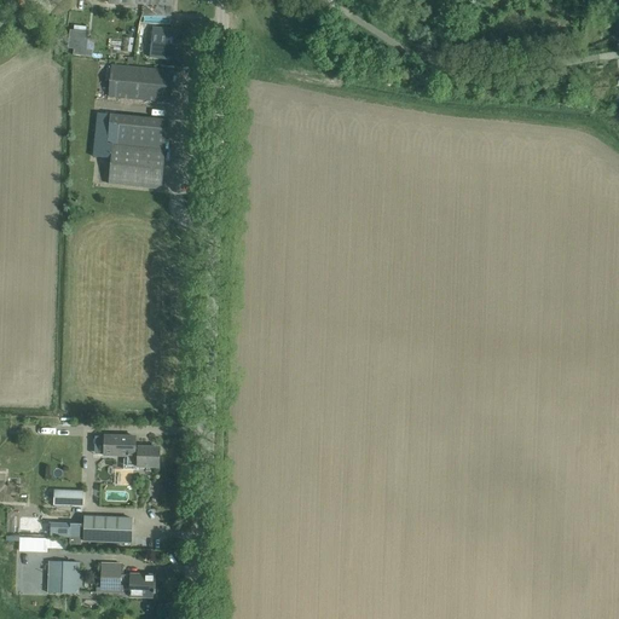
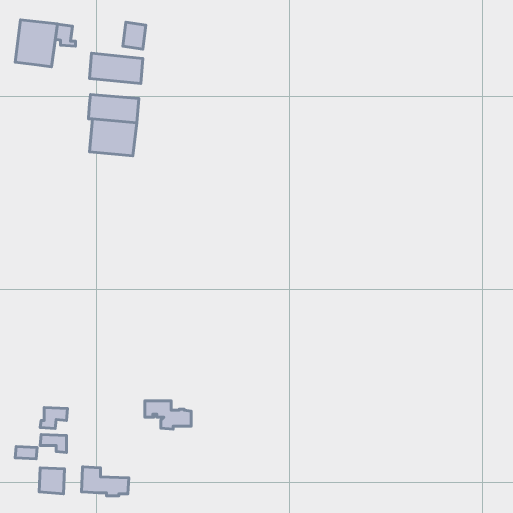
building: none -> [15,20,57,67]
building: [92,112,111,156] -> none
building: [103,435,158,469] -> [145,401,191,429]
building: [82,516,132,542] -> none

